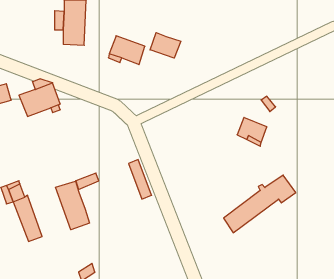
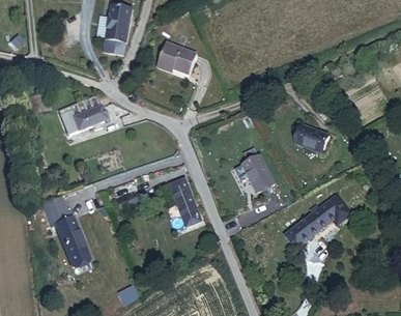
building: [150,33,181,58] -> none
building: none -> [242,151,273,189]
building: [56,181,90,230] -> none

